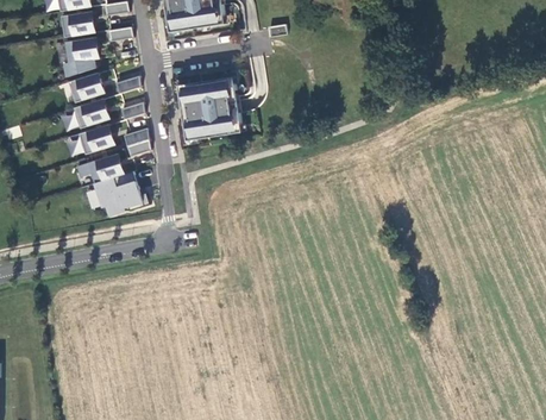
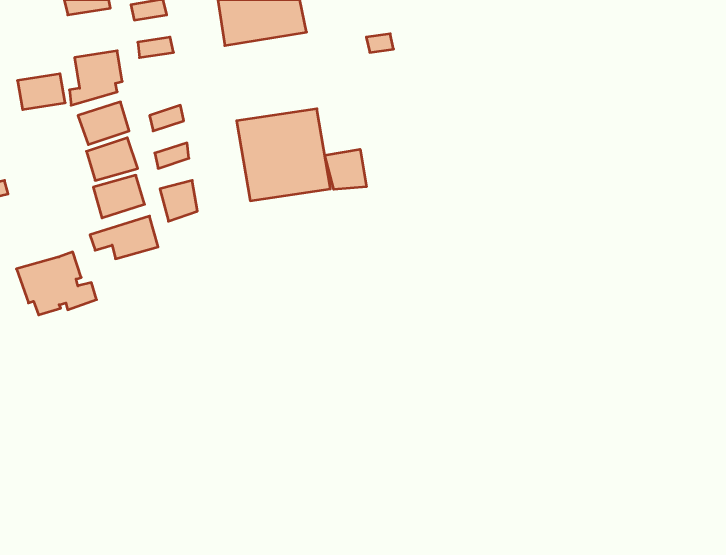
building: [61,12,94,37] -> [17,74,65,110]
building: none -> [325,149,366,189]
building: [93,170,149,214] -> [16,252,97,315]

